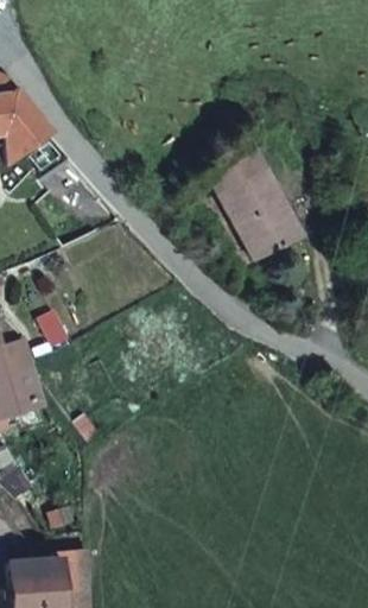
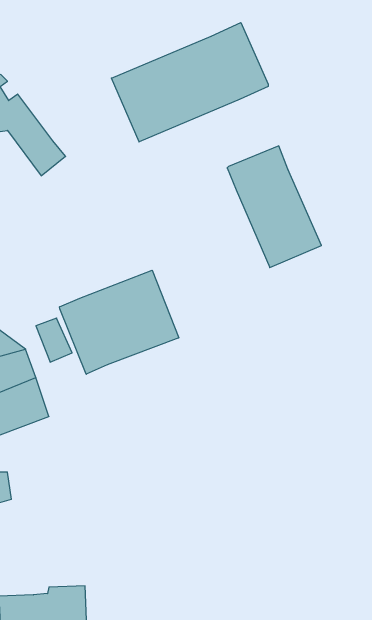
building: none -> [111,23,268,142]
building: none -> [60,270,179,374]

